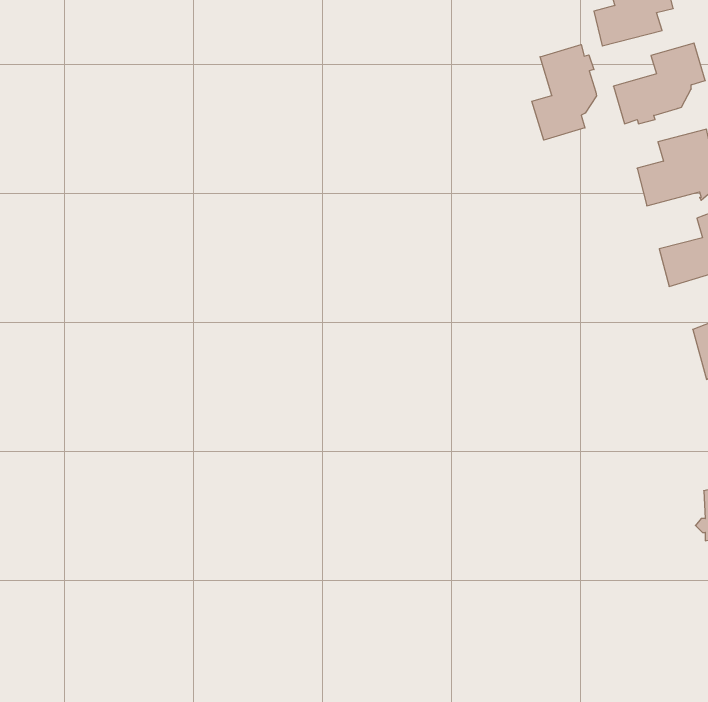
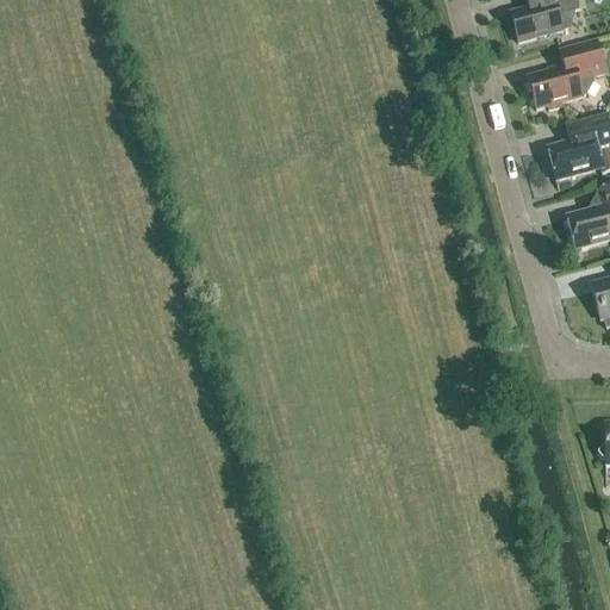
building: [532,45,597,140] -> none

